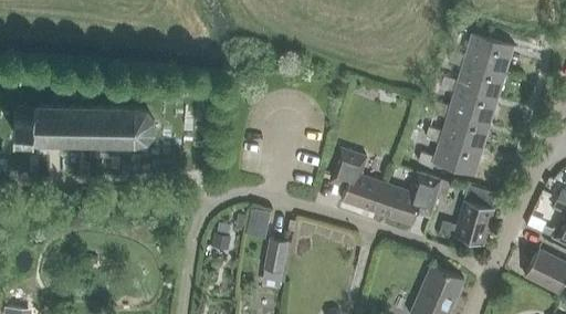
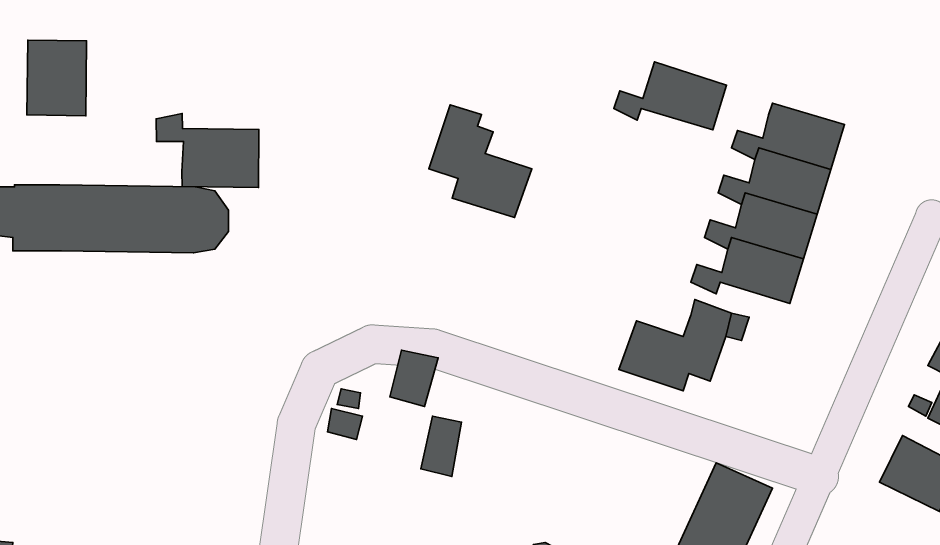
building: none -> [27,40,87,116]
building: [449,34,513,73] -> [614,62,727,130]
building: none -> [156,113,259,187]
building: [328,148,387,212] -> [429,105,532,218]
building: [441,186,495,245] -> none

